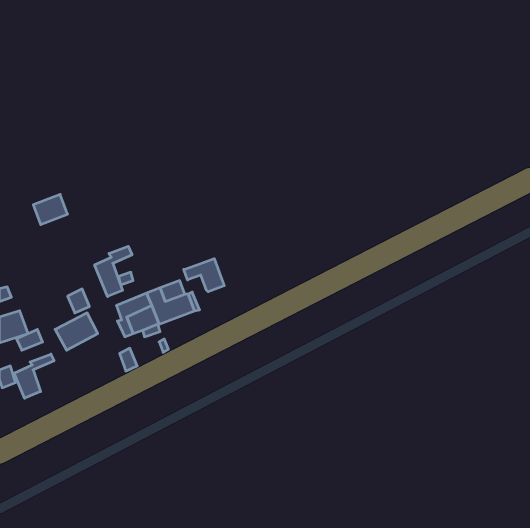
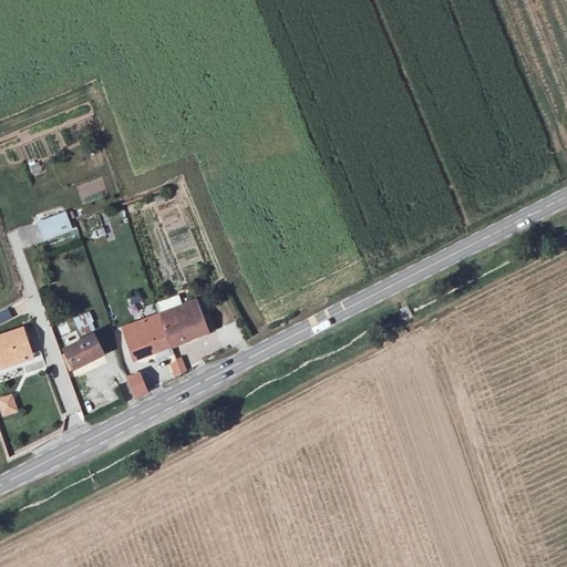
building: [95,246,132,297] -> none
building: [184,259,224,292] -> none
building: [14,354,54,398] -> none

